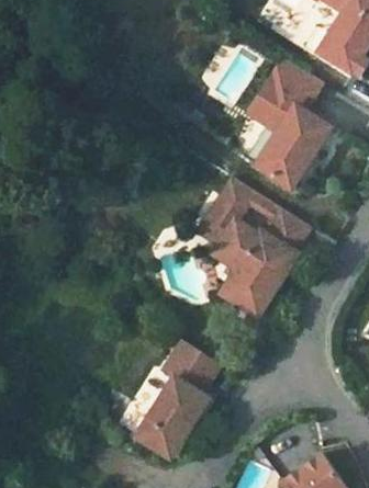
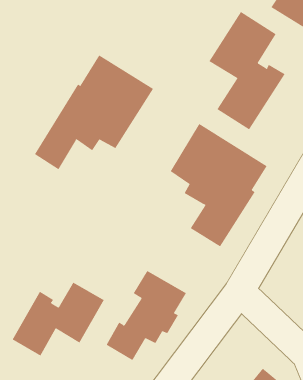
building: none -> [34,54,154,170]
building: none -> [12,282,105,356]

